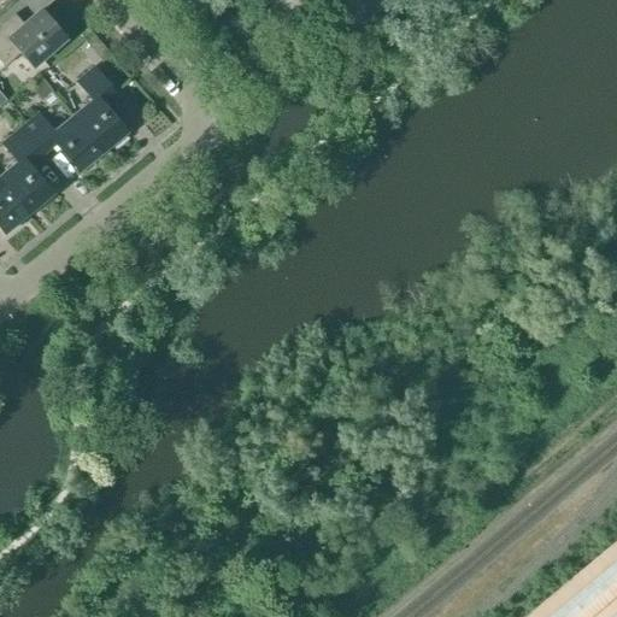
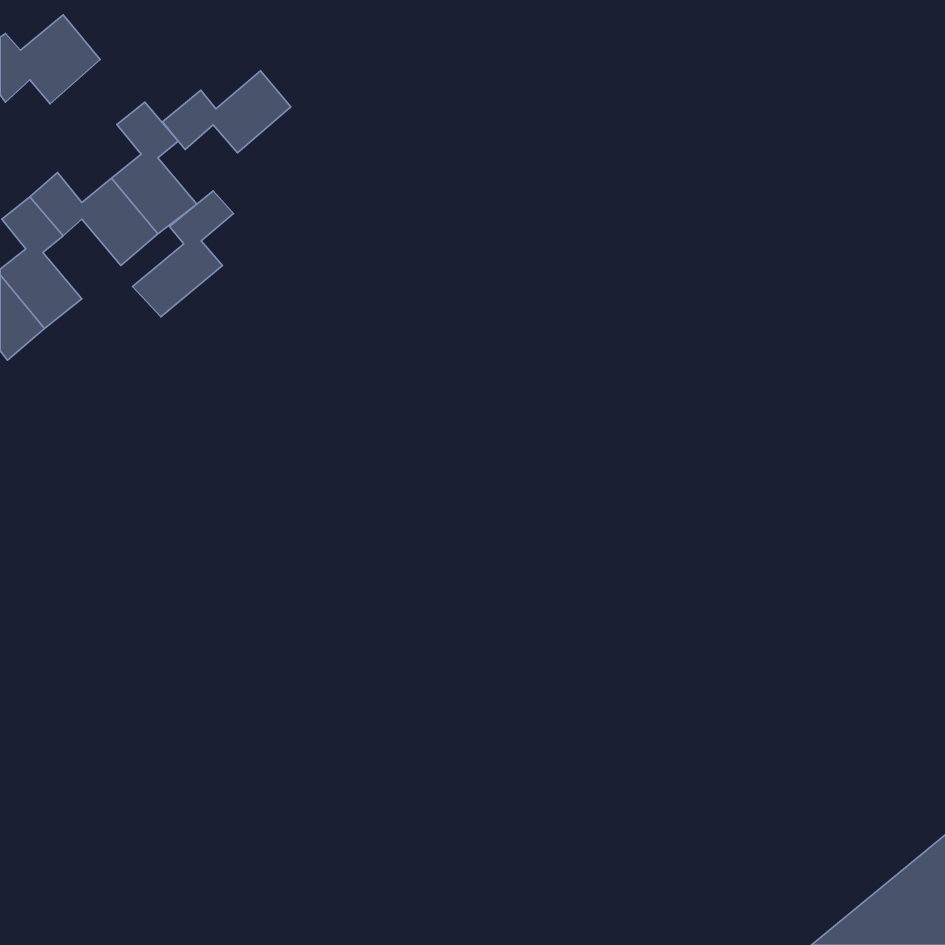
building: none -> [162,71,291,153]
building: none -> [132,191,233,317]

